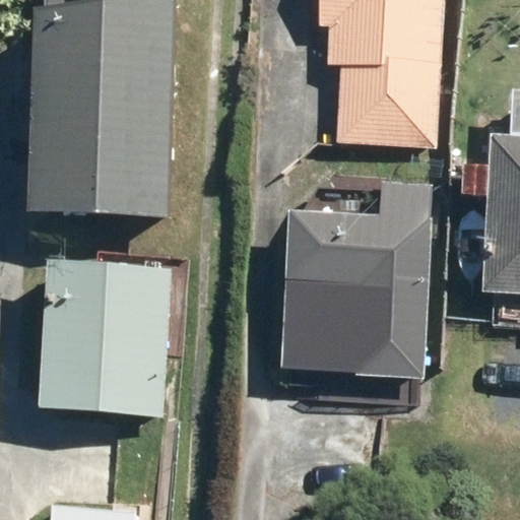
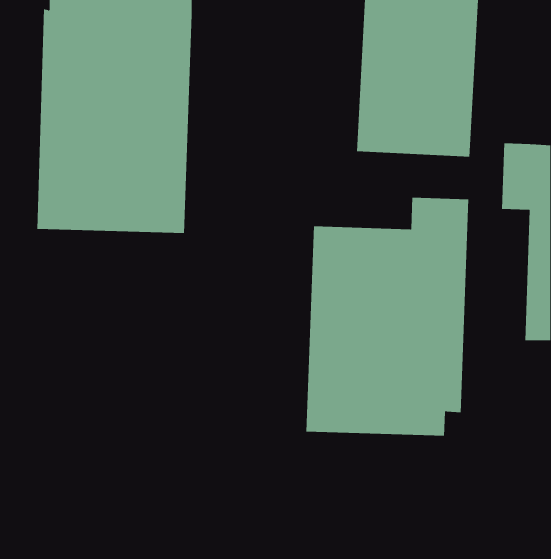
building: [44,260,169,413] -> none

